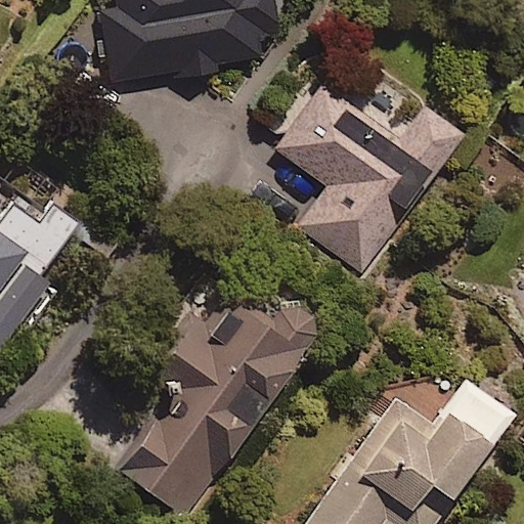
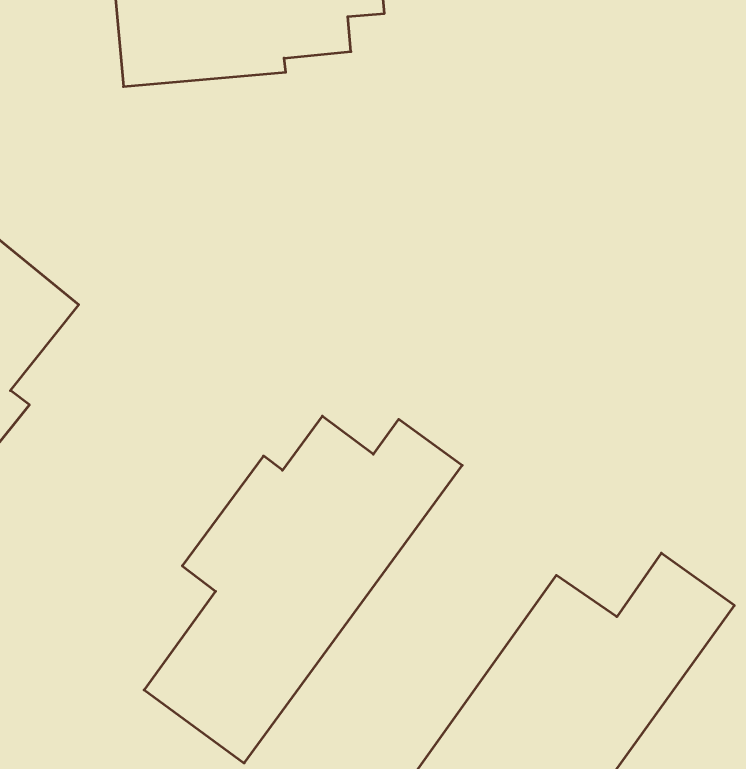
building: [272,76,457,275] -> none

